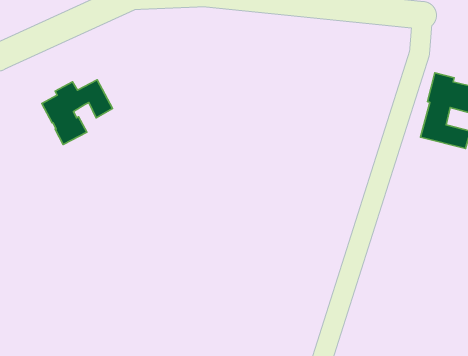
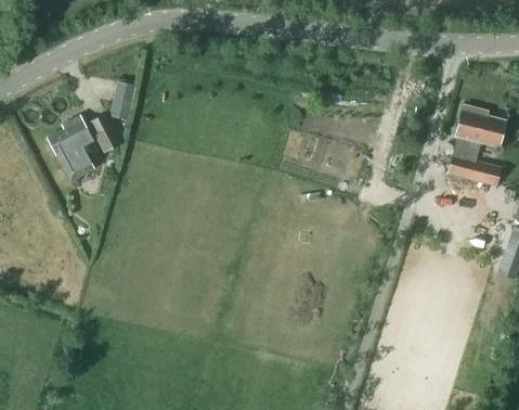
building: none -> [111,81,137,119]

